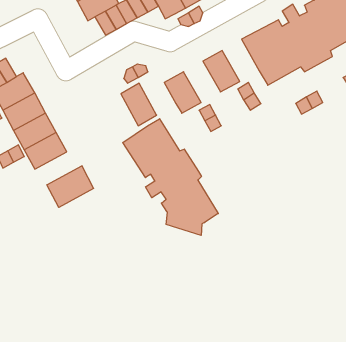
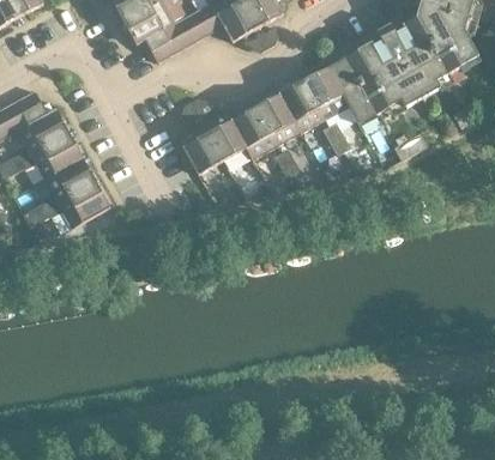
building: none -> [303,66,349,119]
building: none -> [255,93,301,145]
building: none -> [200,108,246,161]
building: [123,119,218,235] -> none
building: [47,166,94,207] -> none

